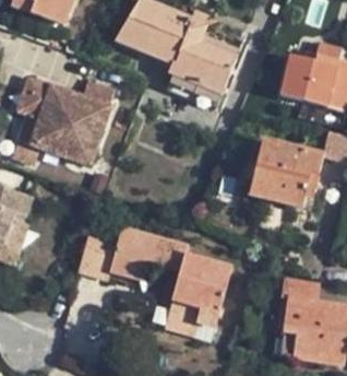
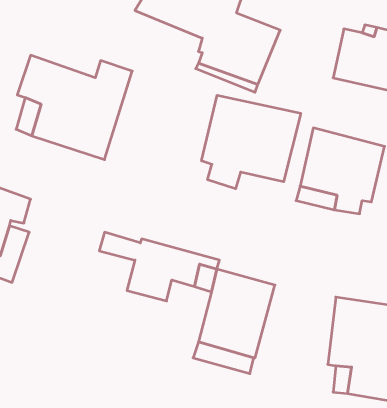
building: none -> [202,95,301,189]
building: [80,238,117,279] -> none

